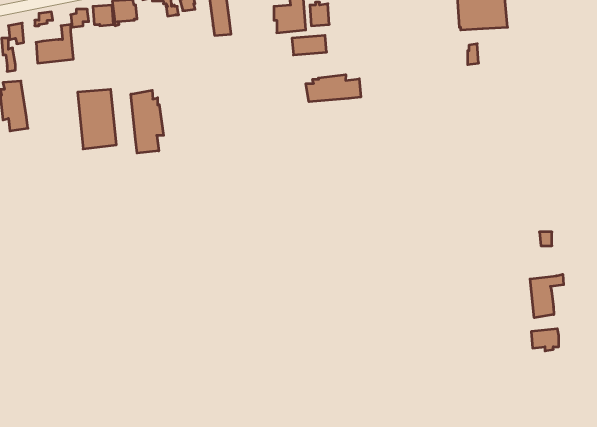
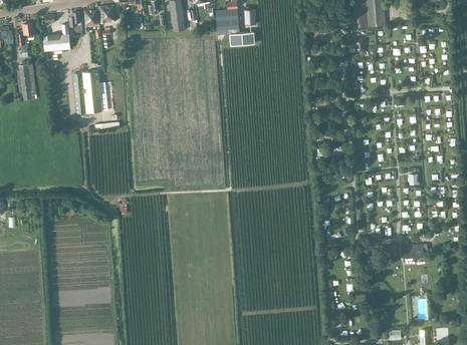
building: [306,75,361,102] -> none
building: [131,90,164,153] -> none
building: [530,274,564,318] -> none

